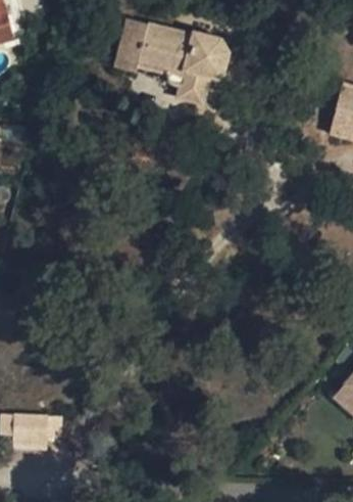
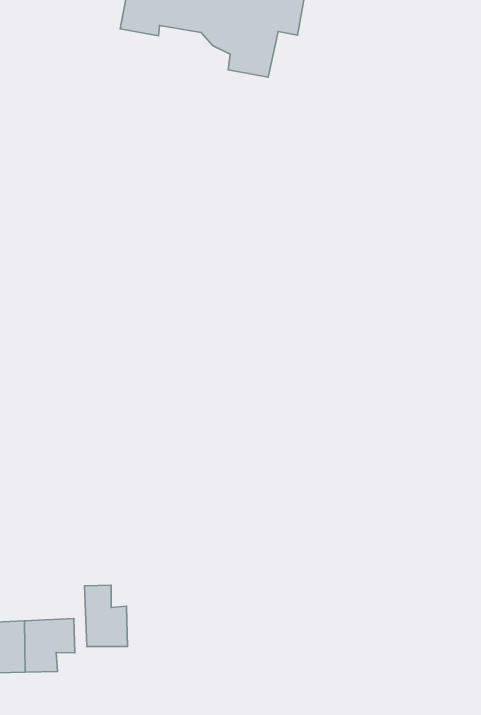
building: none -> [84,585,128,647]

